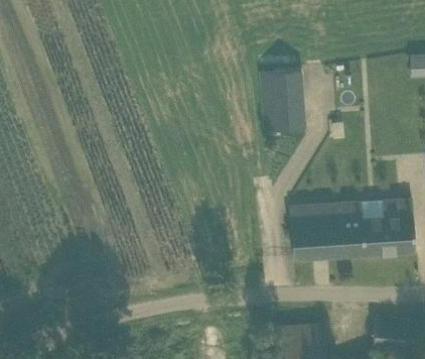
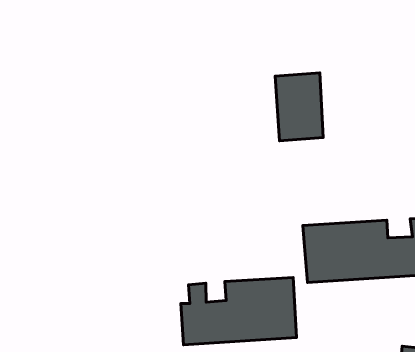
building: none -> [181,277,296,345]

